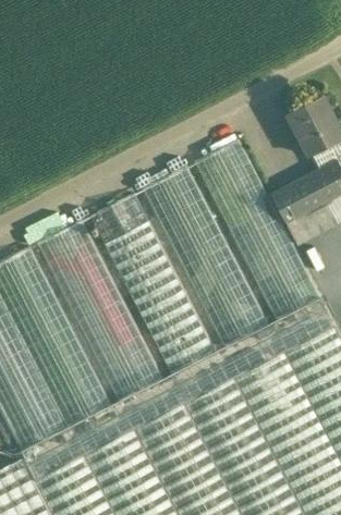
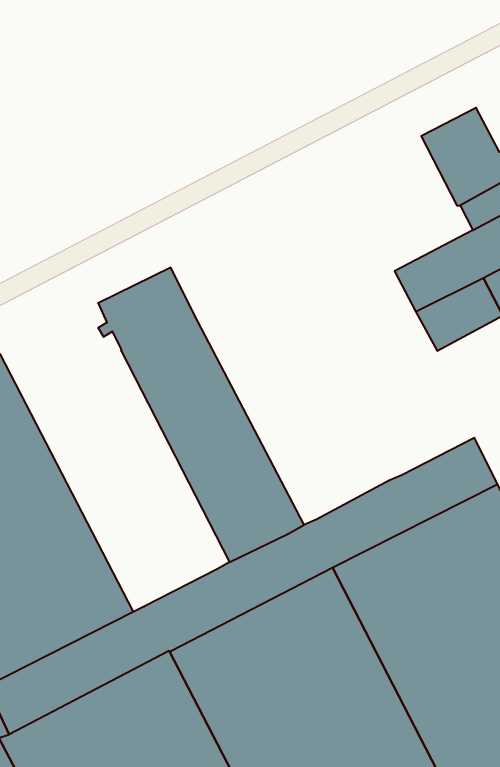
building: [194,139,320,321] -> none
building: [142,167,268,348] -> none
building: [36,220,162,402] -> none

